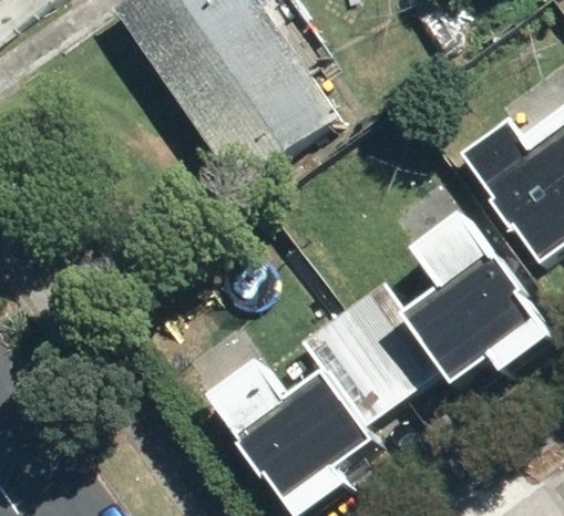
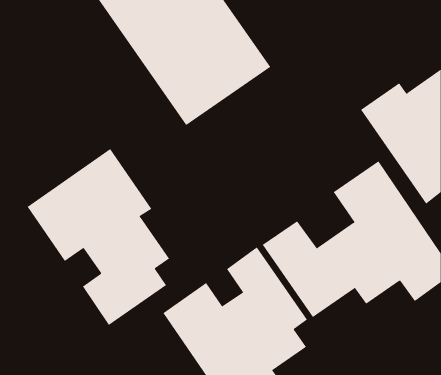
building: none -> [27,148,170,326]

